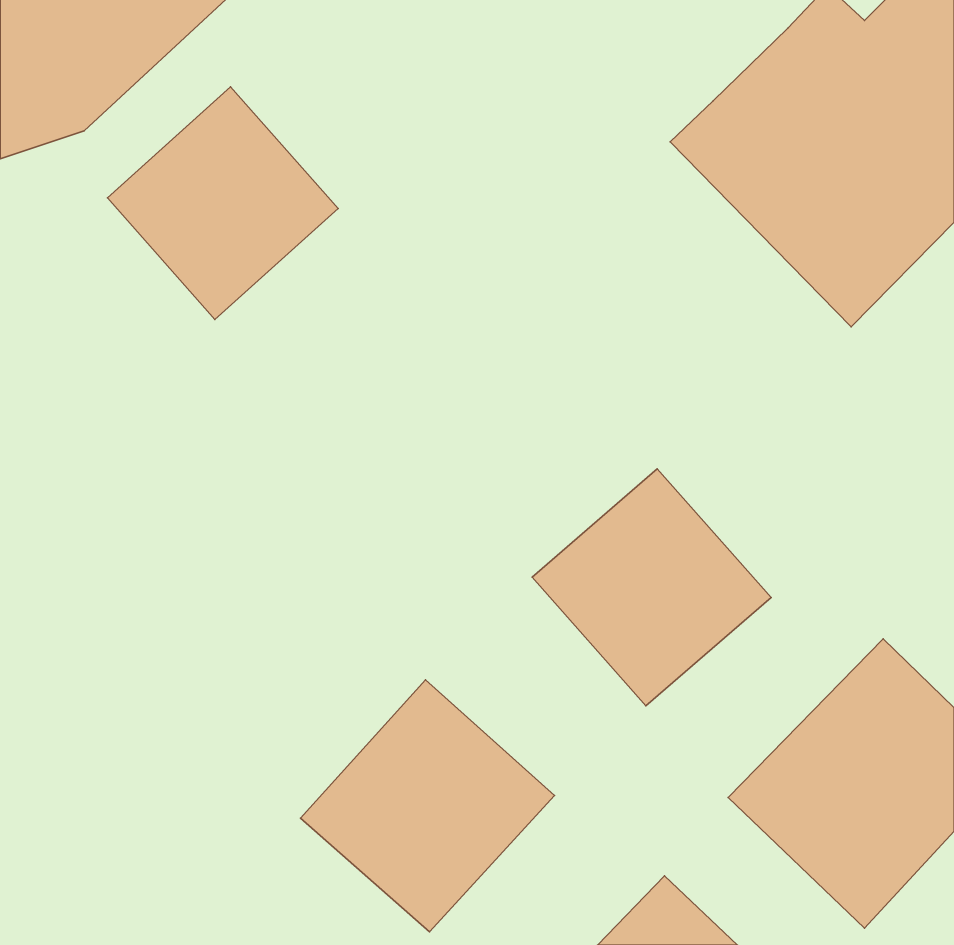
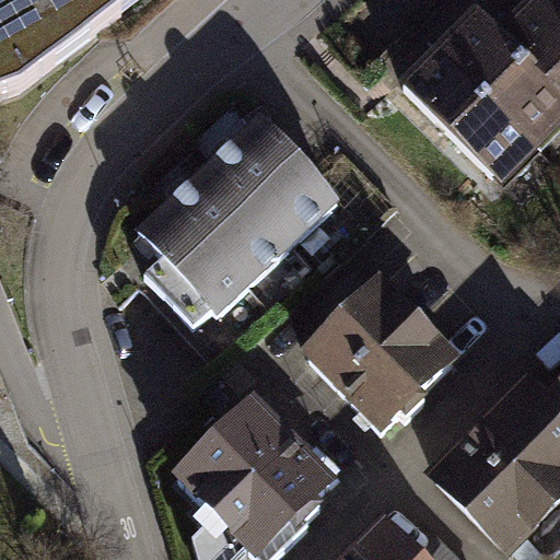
building: [107,87,338,319] -> none
building: none -> [144,118,343,313]

